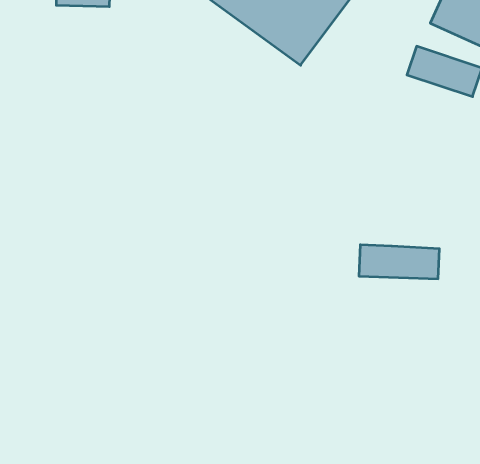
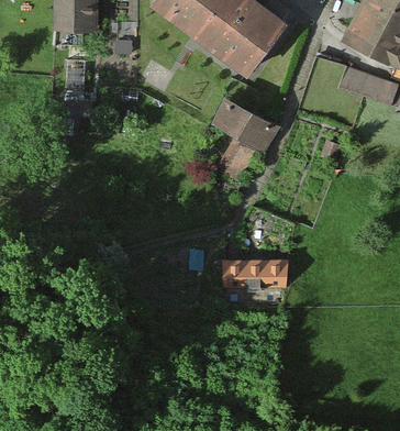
building: none -> [209,99,273,153]
building: [359,245,439,279] -> [211,259,276,287]

